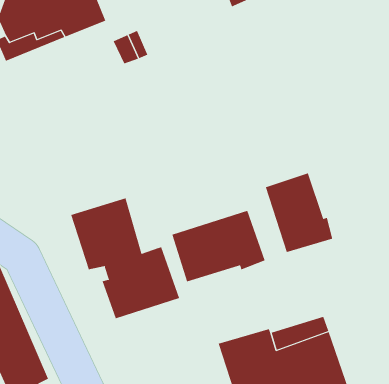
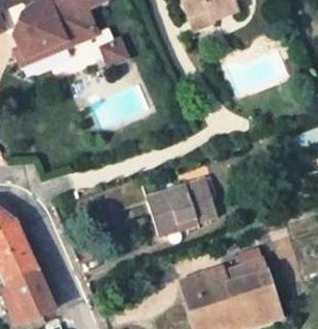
building: [265,173,333,253] -> none
building: [71,198,180,319] -> none

